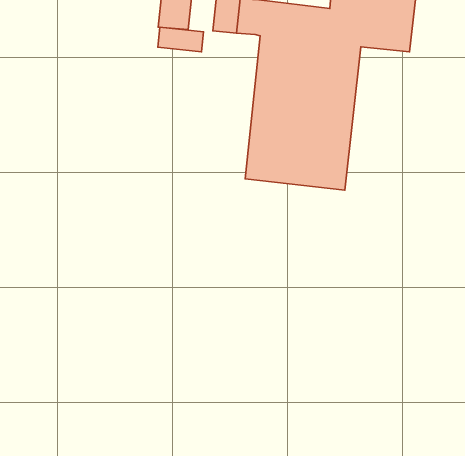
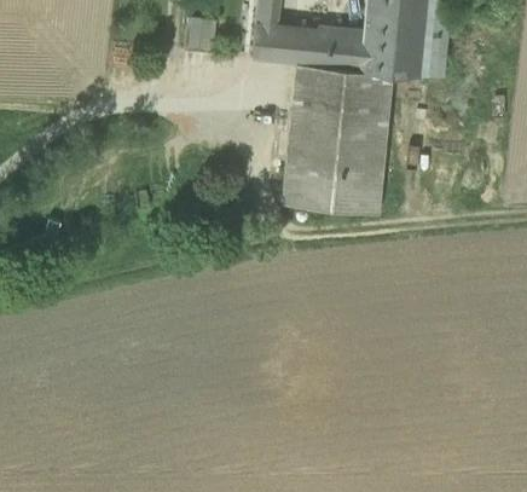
building: [158,27,204,52] -> none

